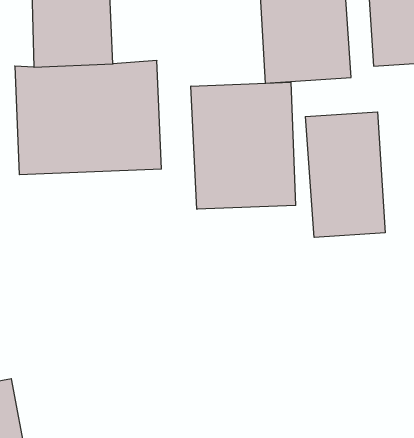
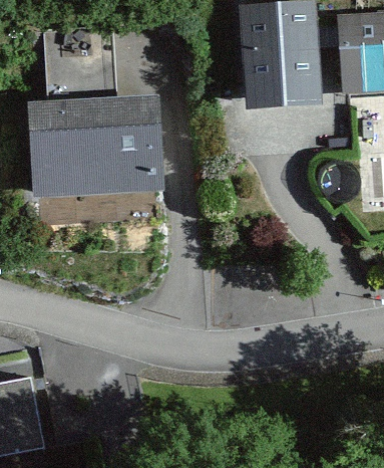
building: [191,82,296,209] -> none
building: [305,112,385,237] -> none

